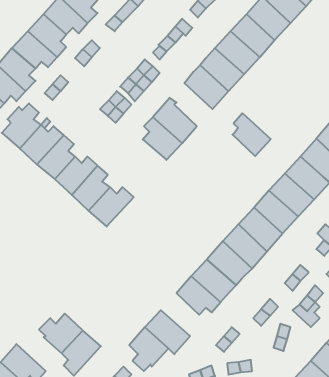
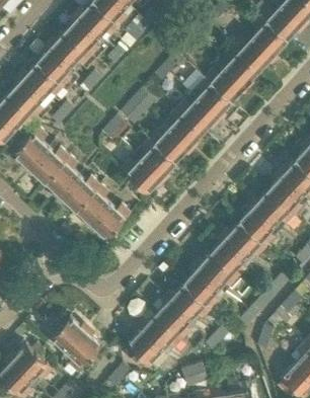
building: [232,113,271,156] -> [167,110,202,149]
building: none -> [120,161,160,195]
building: none -> [155,299,189,337]

